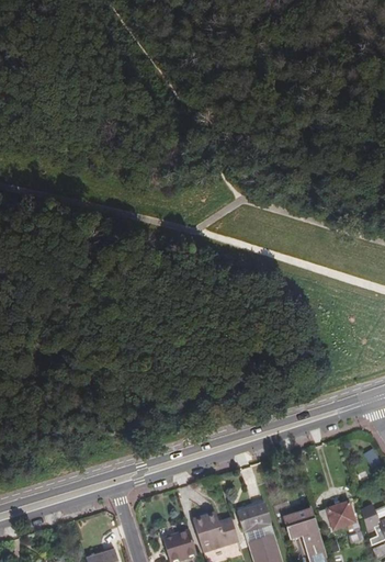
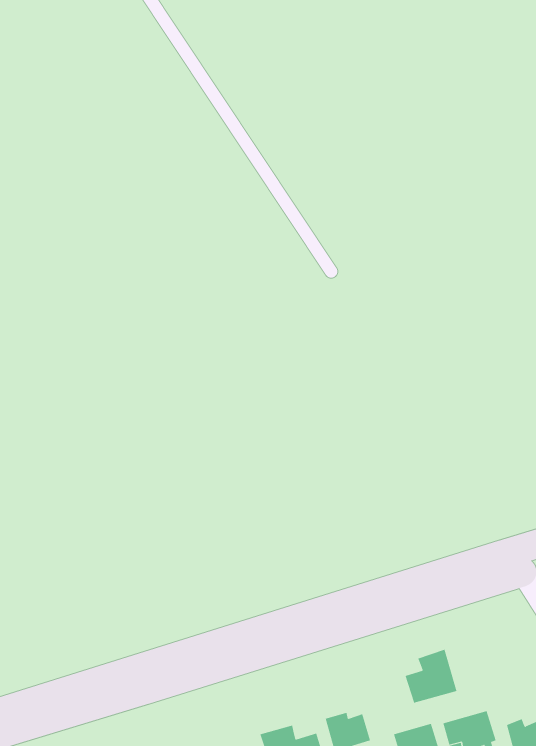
building: none -> [405,649,457,704]

